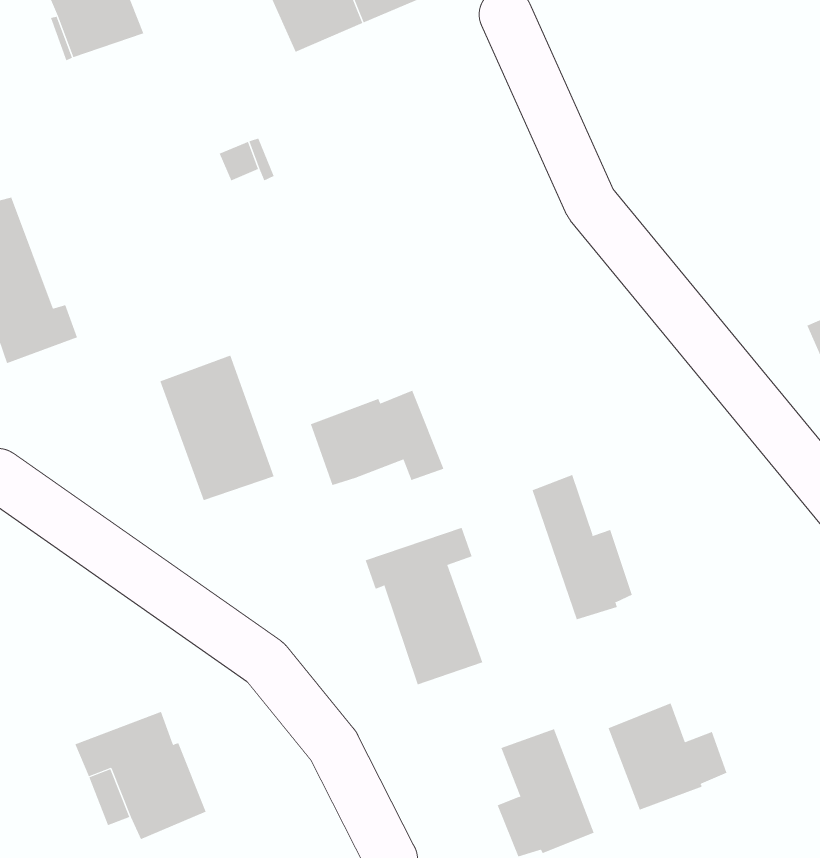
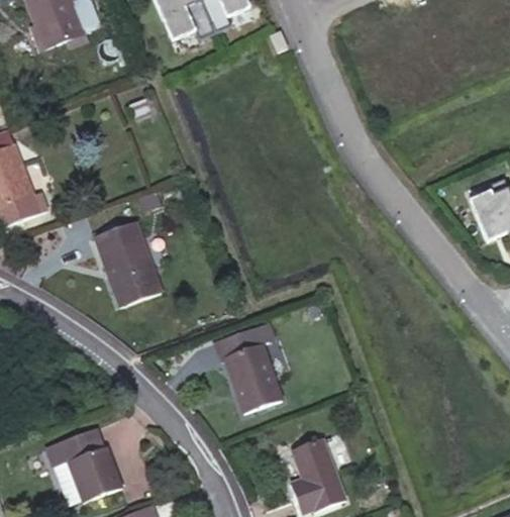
building: [310,390,444,486] -> none
building: [532,474,633,620] -> none
building: [608,702,727,811] -> none

